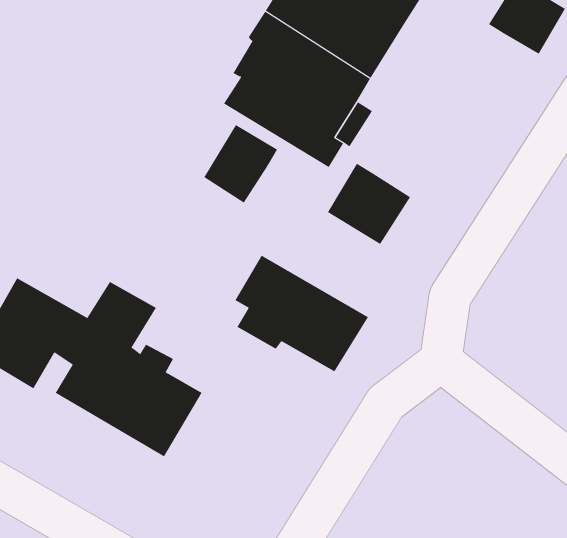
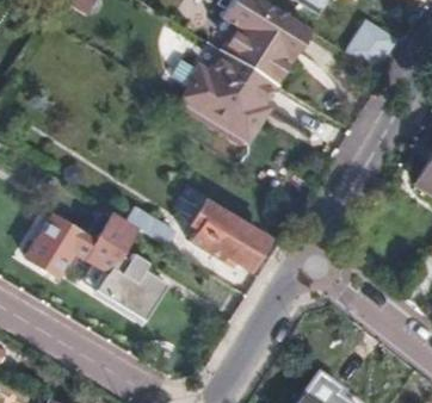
building: [203,124,278,204] -> none
building: [327,163,411,245] -> none

